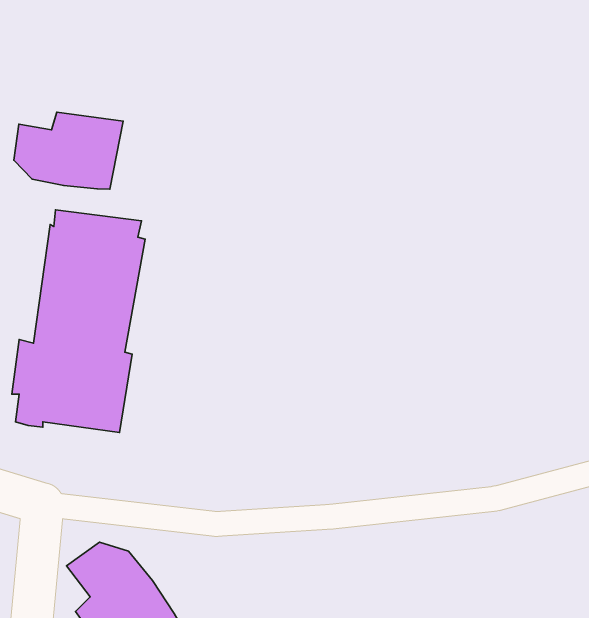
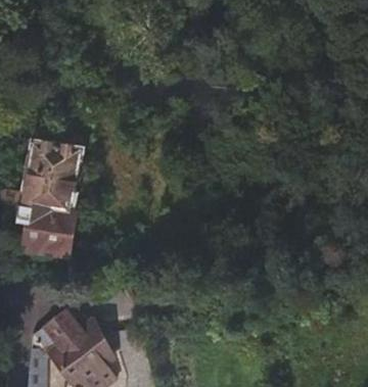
building: [14,112,123,189] -> none

